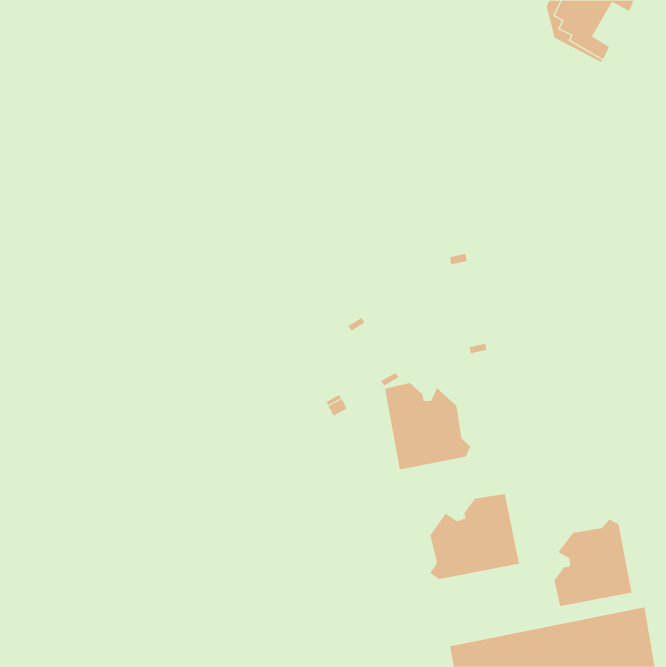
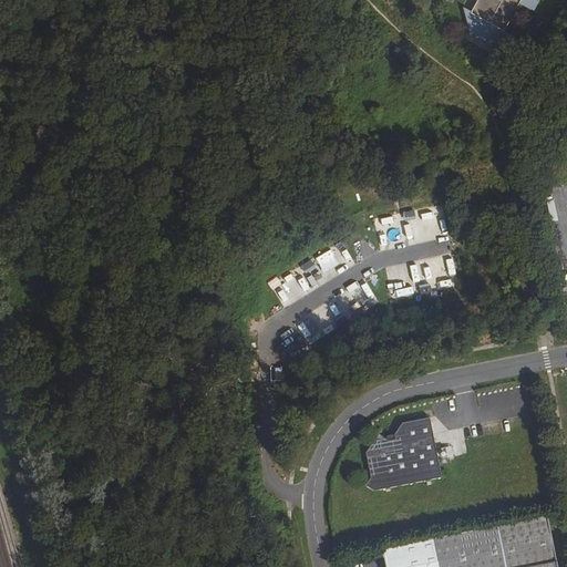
building: [384,382,471,470] -> none
building: [554,519,632,607] -> none

